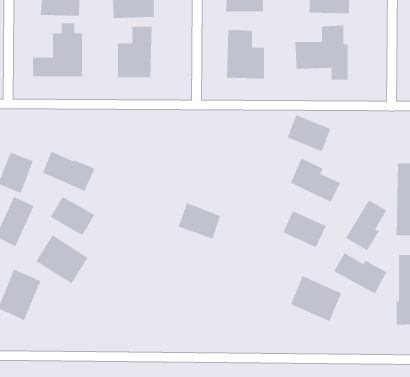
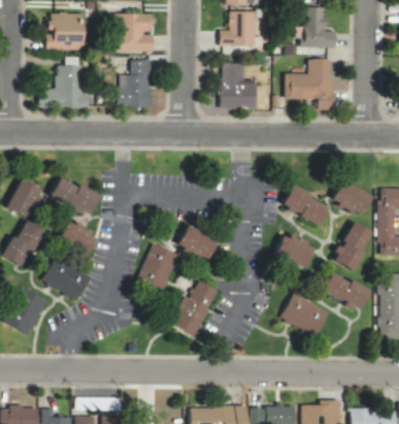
building: [287,114,331,152] -> [330,180,371,215]
building: none -> [138,243,180,292]
building: none -> [173,280,220,336]

